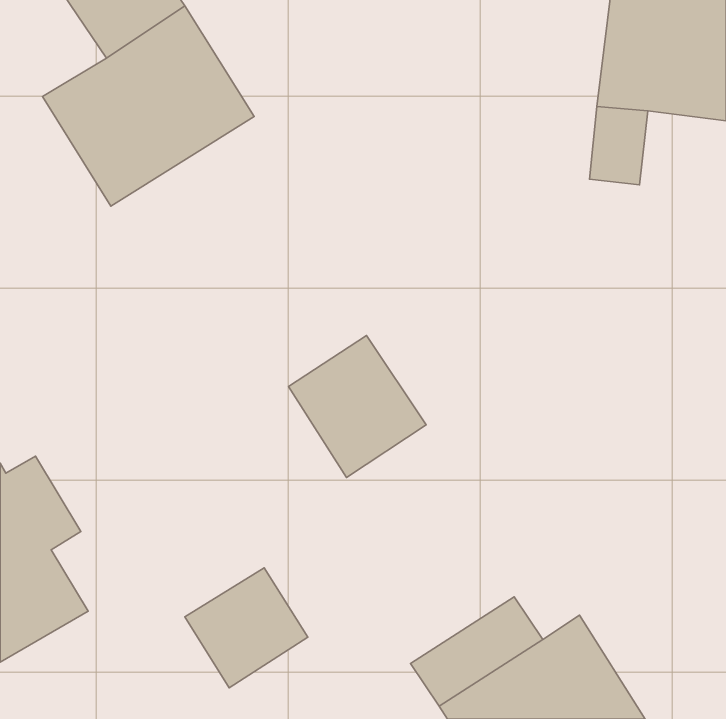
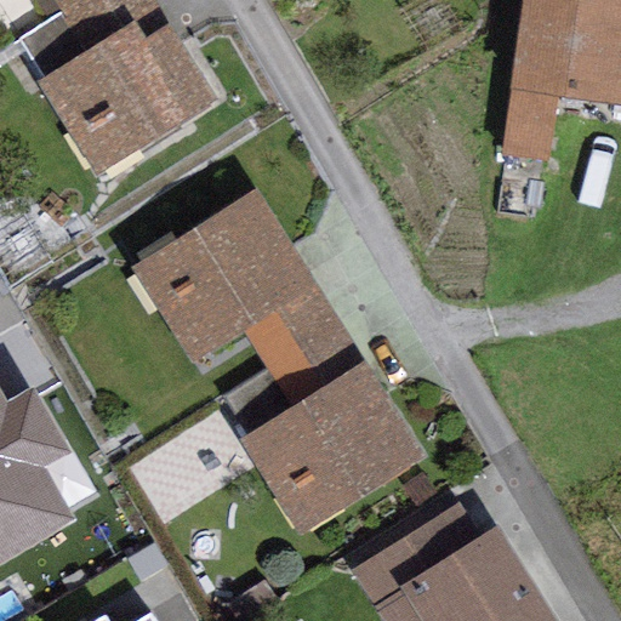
building: none -> [133,192,313,361]
building: none -> [241,363,422,534]
building: [185,568,308,688] -> none

